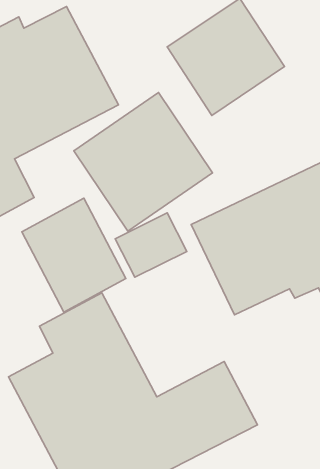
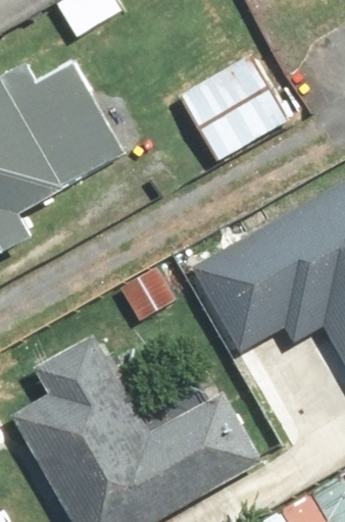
building: [74,92,212,231] -> none
building: [22,198,126,312] -> none

